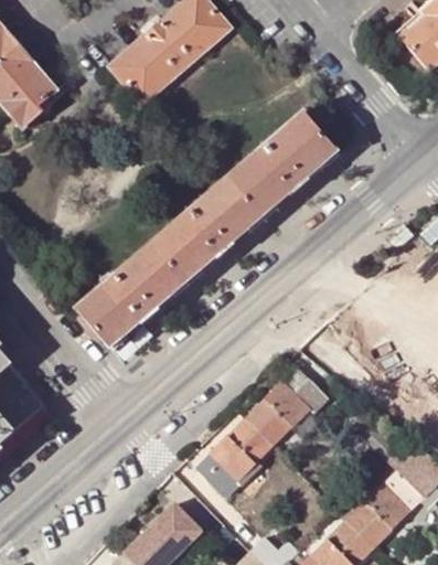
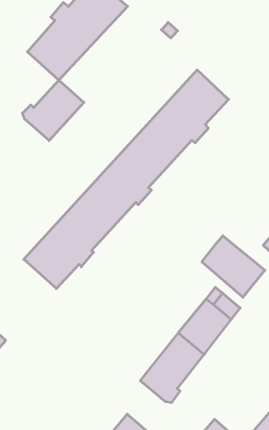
building: none -> [22,80,84,141]
building: none -> [202,236,265,297]

